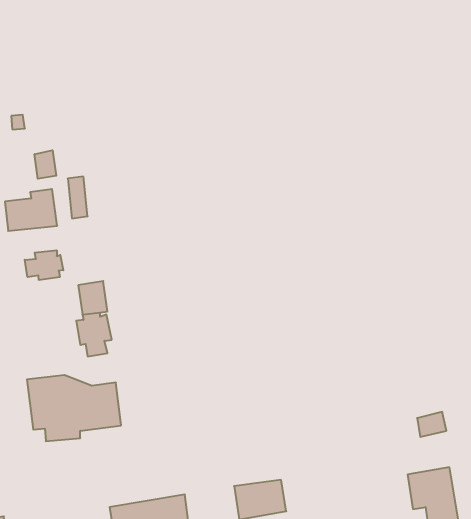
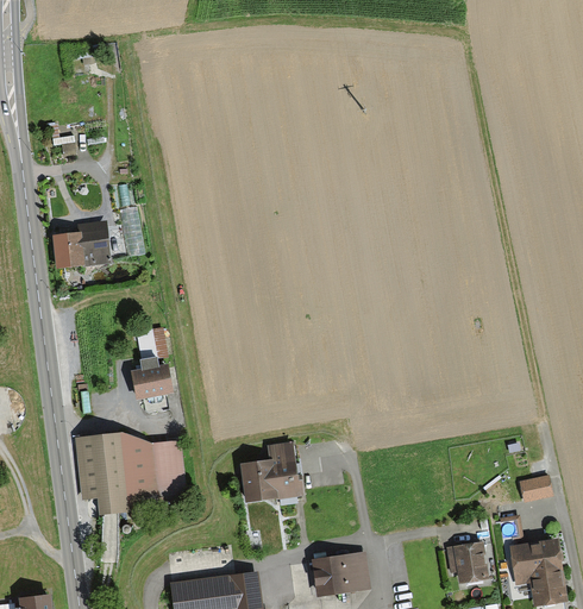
building: [35,150,56,179] -> none
building: [25,250,63,280] -> none
building: none -> [240,441,302,502]
building: none -> [446,541,489,583]

